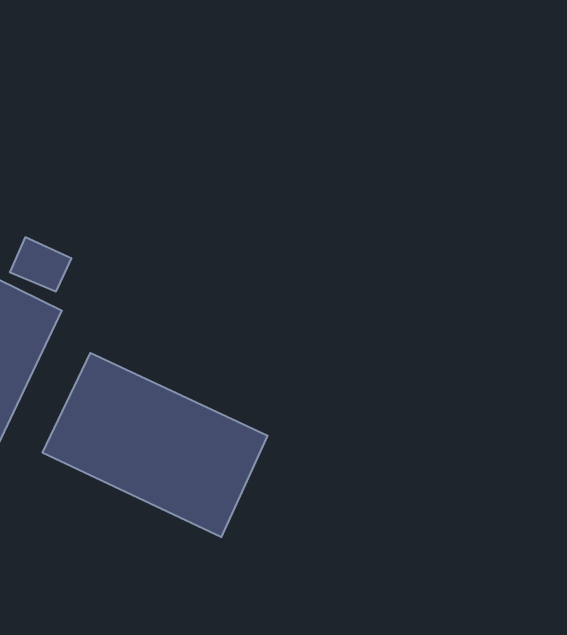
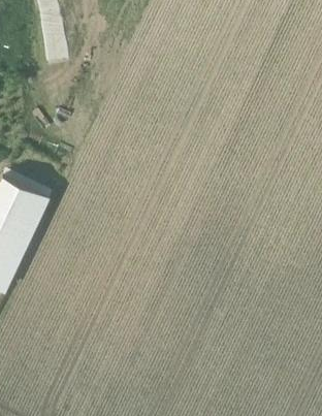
building: [43,353,268,537] -> none

